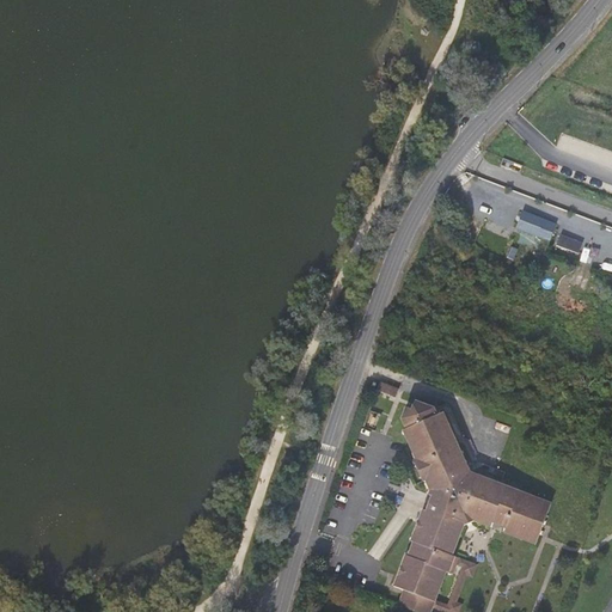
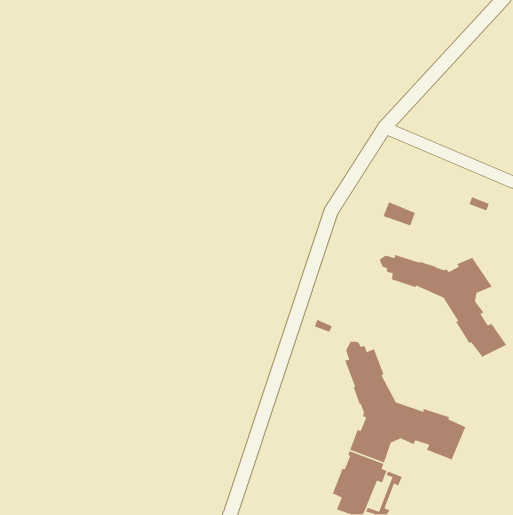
building: [510,208,550,238] -> [382,201,416,227]
building: none -> [379,254,507,358]

